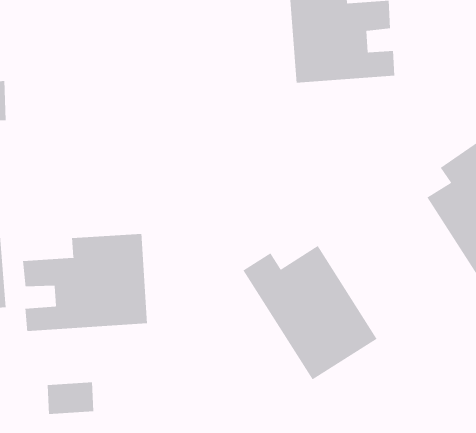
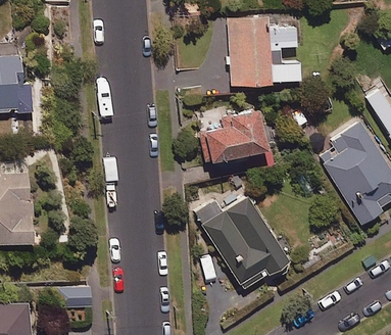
building: none -> [197,105,266,158]
building: [22,233,148,332] -> none

